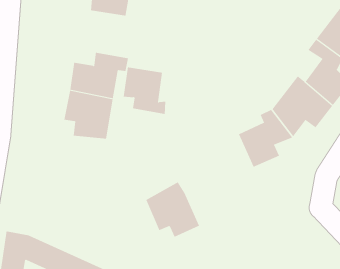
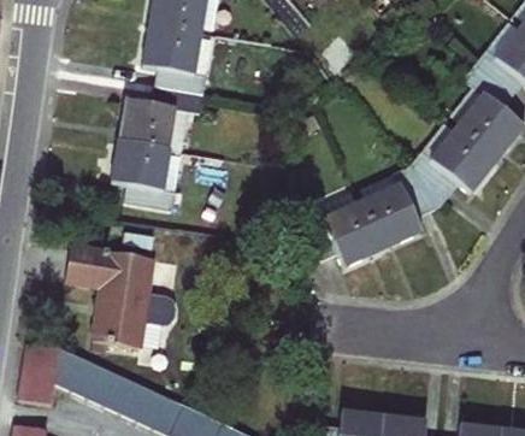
building: [123,67,166,114] -> [142,23,205,92]
building: none -> [65,241,176,348]
building: [146,181,200,237] -> [305,185,383,266]

